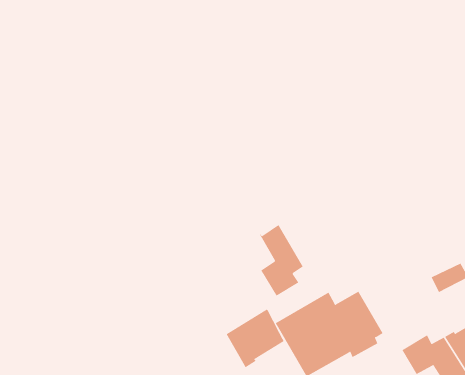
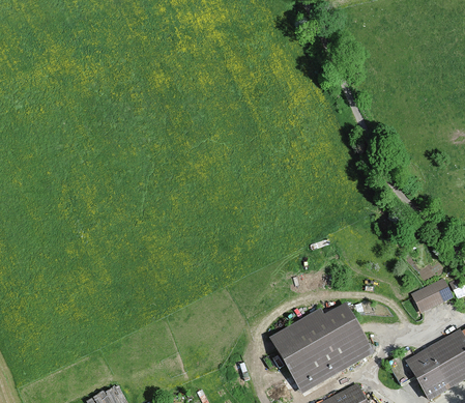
building: [259,224,303,296] -> none
building: [226,308,284,368] -> none

